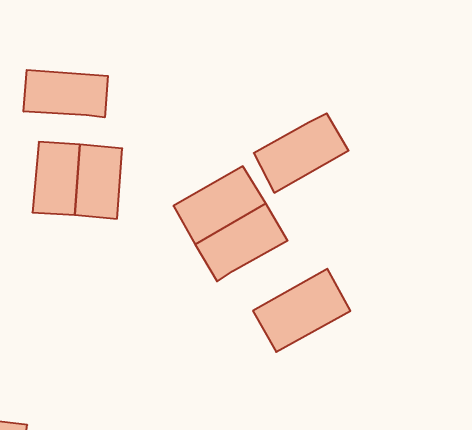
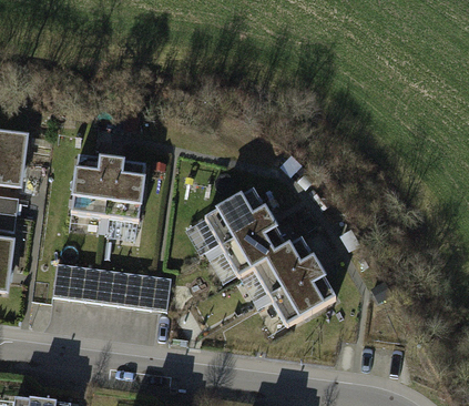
building: [24,70,108,117] -> none
building: [254,113,349,193] -> [241,233,323,302]
building: none -> [63,266,174,307]

